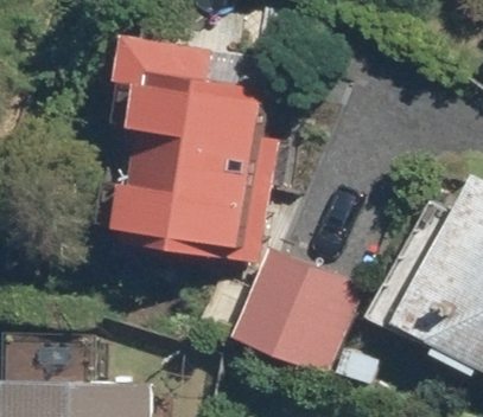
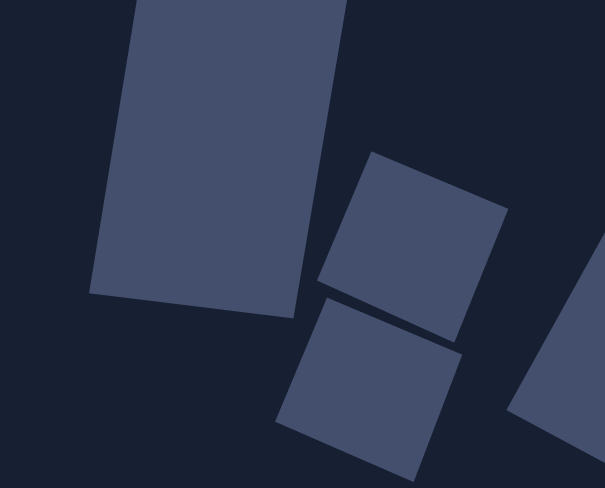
building: none -> [316,150,509,344]

